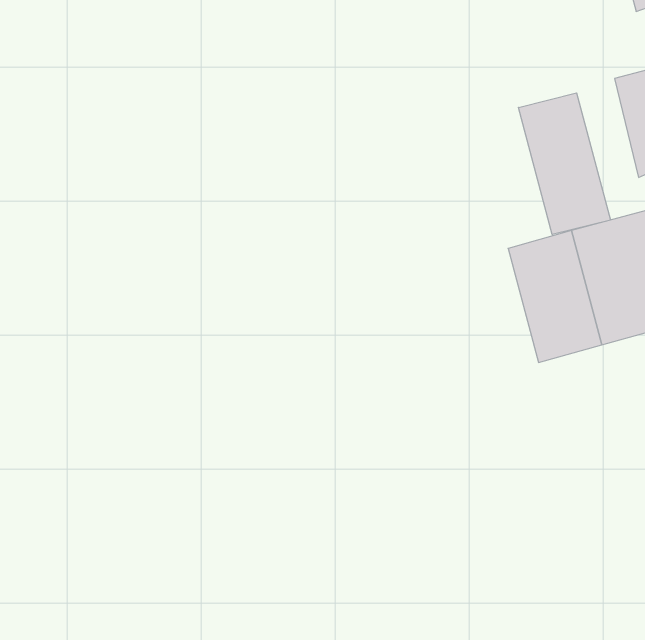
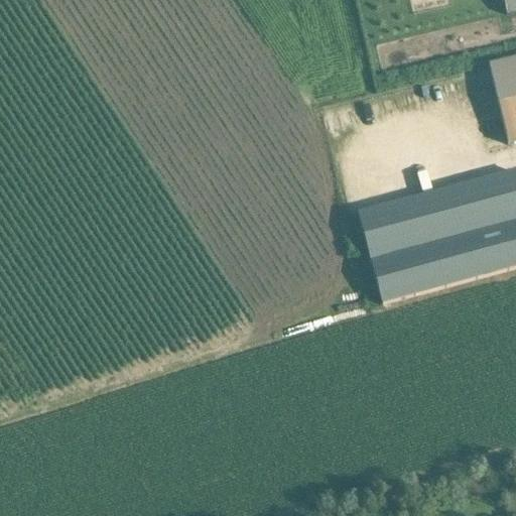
building: [518,93,610,235] -> none
building: none -> [359,198,430,301]

